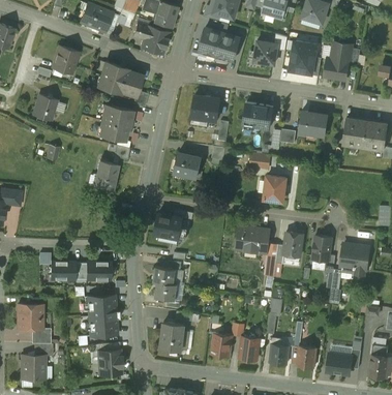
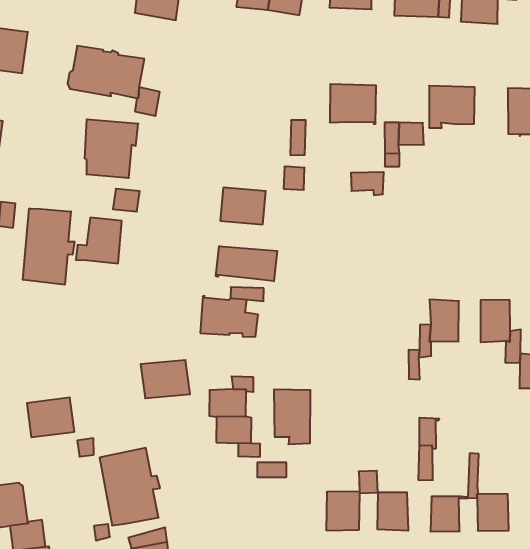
building: [191,95,220,121] -> none
building: none -> [23,209,75,285]
building: [265,176,285,202] -> none
building: none -> [216,246,277,281]
building: [236,225,270,253] -> none
building: [86,261,112,281] -> [141,360,190,398]
building: [160,321,184,354] -> [274,389,311,444]

